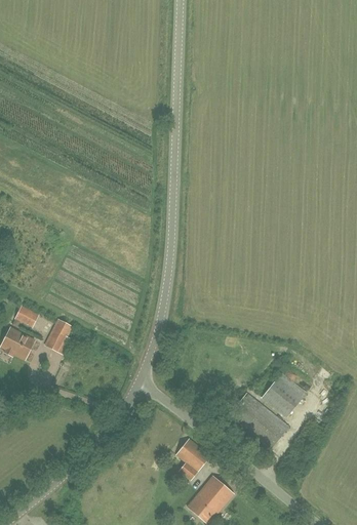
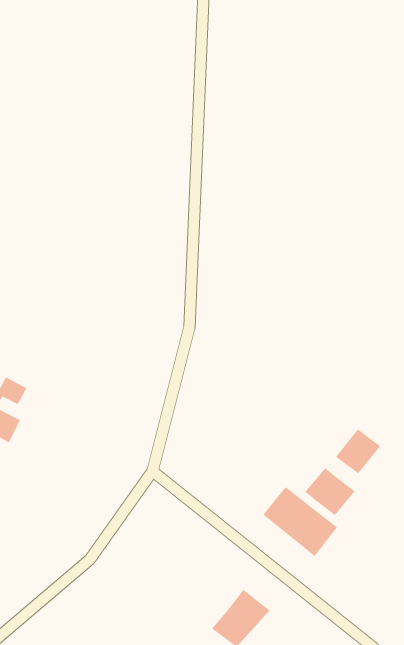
building: [45,319,72,352] -> none
building: none -> [335,429,381,474]
building: [175,438,210,479] -> none

